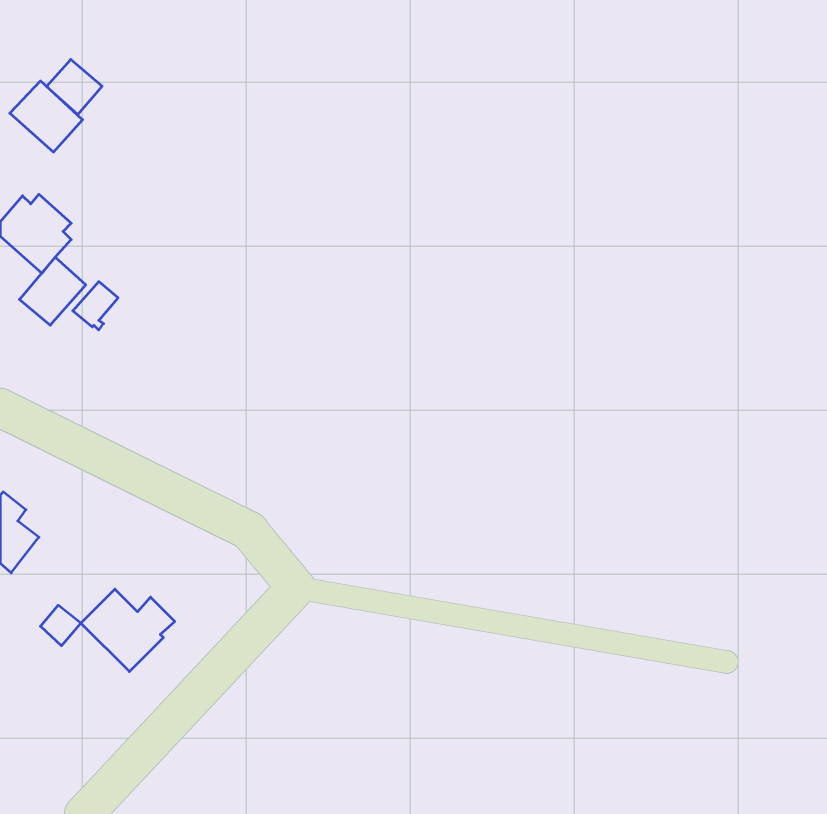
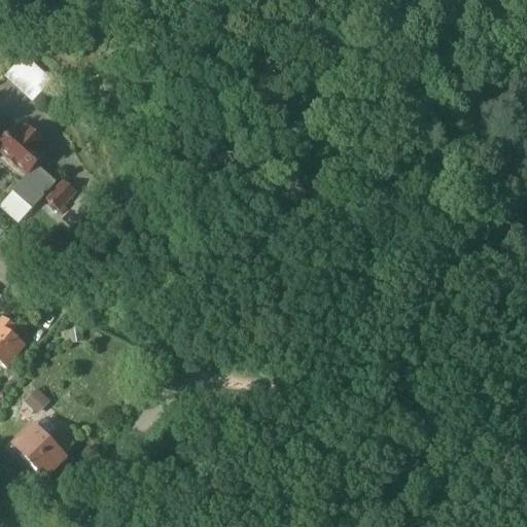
building: [46,59,102,115] -> none
building: [81,589,175,672] -> [12,423,72,476]

